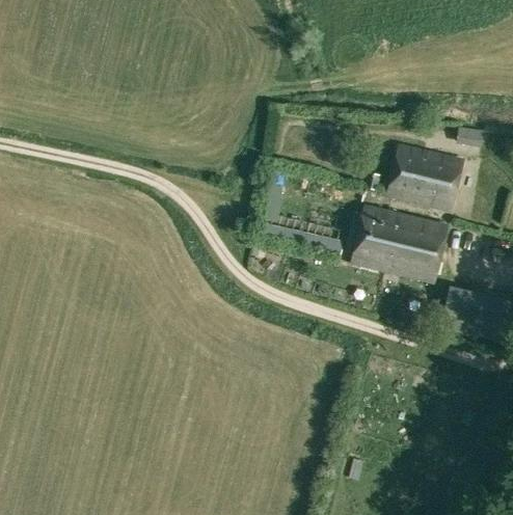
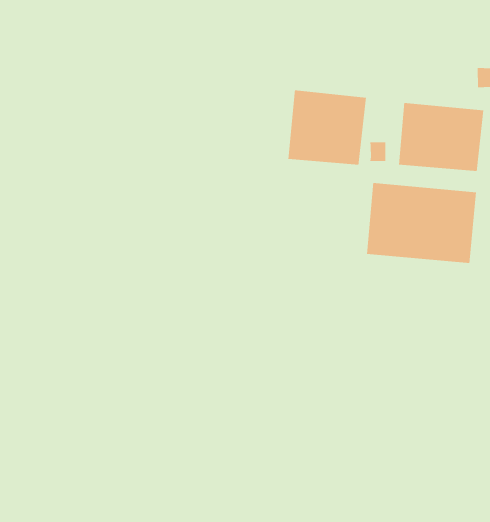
building: none -> [288,90,366,166]

